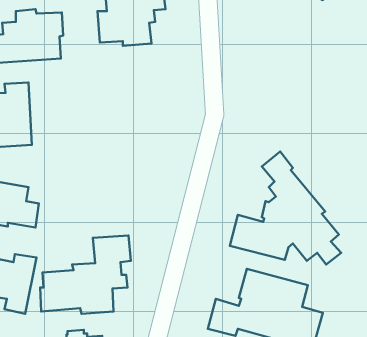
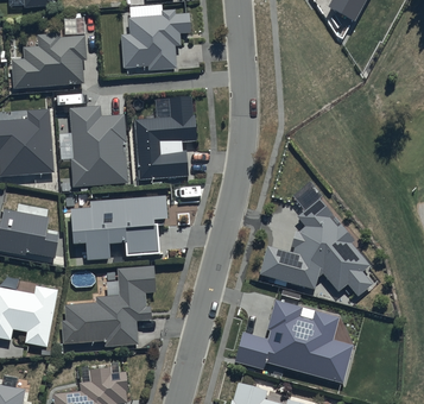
building: none -> [134,95,202,179]
building: none -> [68,105,127,185]
building: none -> [70,195,167,261]

